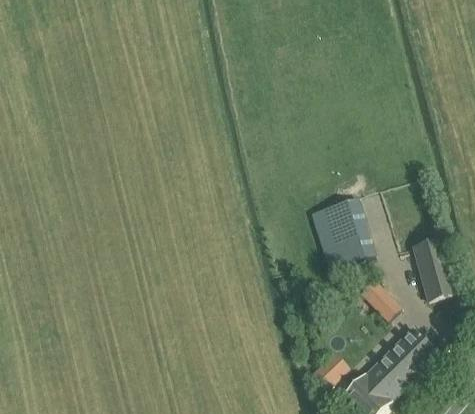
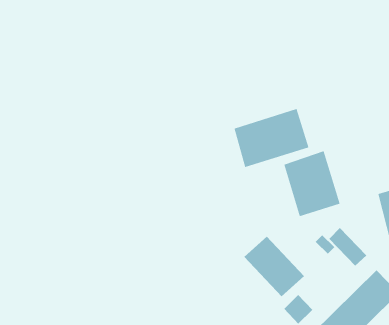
building: none -> [234,108,309,168]
building: none -> [243,236,305,297]

